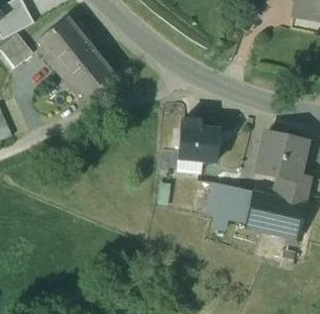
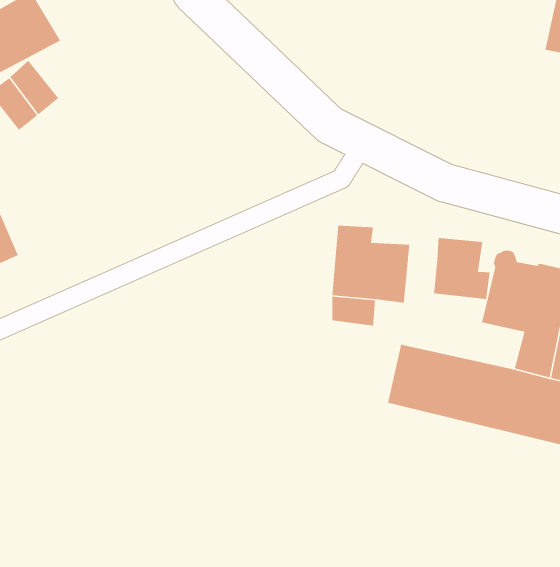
building: [39,18,113,96] -> none
building: none -> [433,237,491,300]

